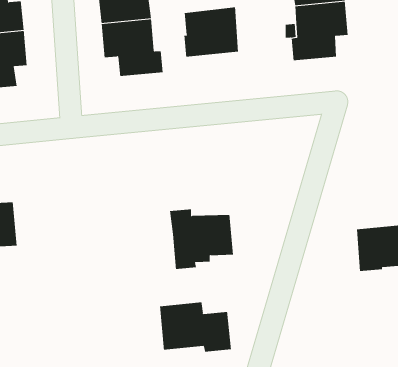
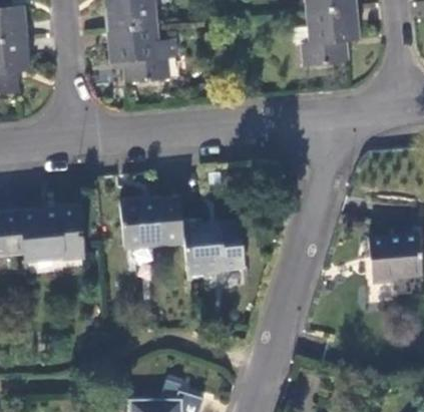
building: [184,6,239,58] -> none
building: none -> [117,196,181,251]
building: none -> [19,209,83,260]
building: [159,301,232,352] -> none

